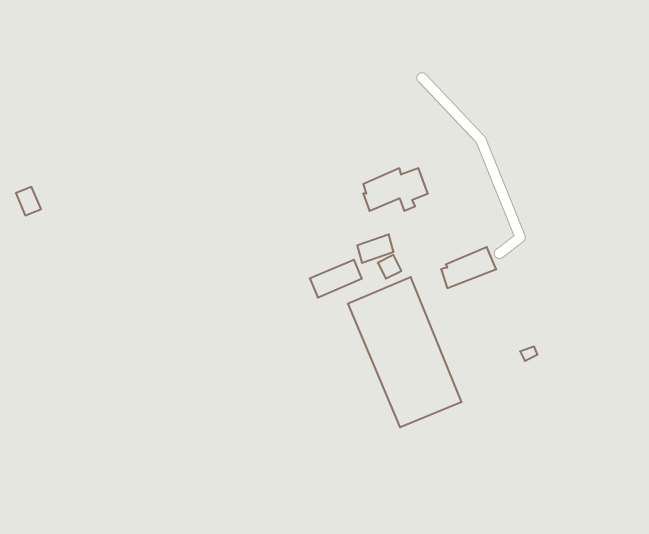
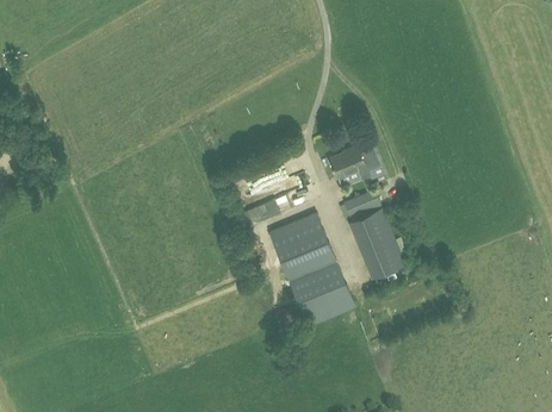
building: [363,168,428,211] -> [330,145,379,177]
building: none -> [348,207,404,276]

